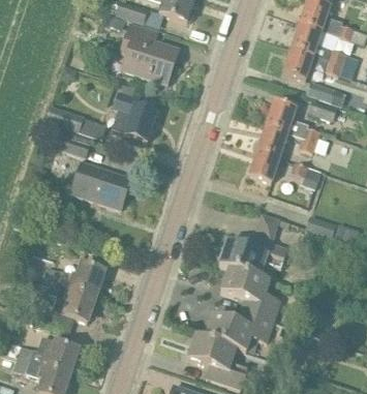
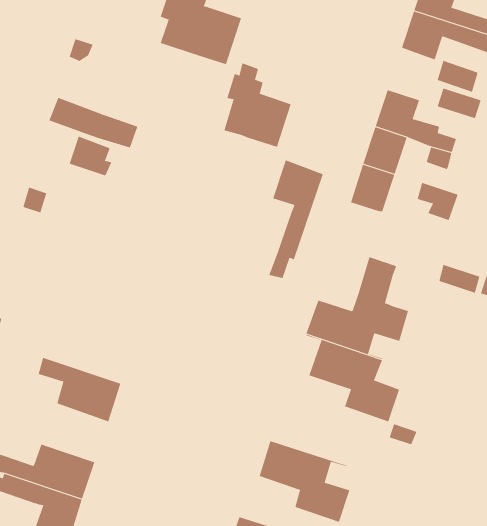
building: [111,84,156,141] -> [223,63,291,148]
building: none -> [268,160,324,279]
building: [71,162,130,208] -> none
building: [42,262,103,296] -> none
building: [194,311,274,351] -> none

